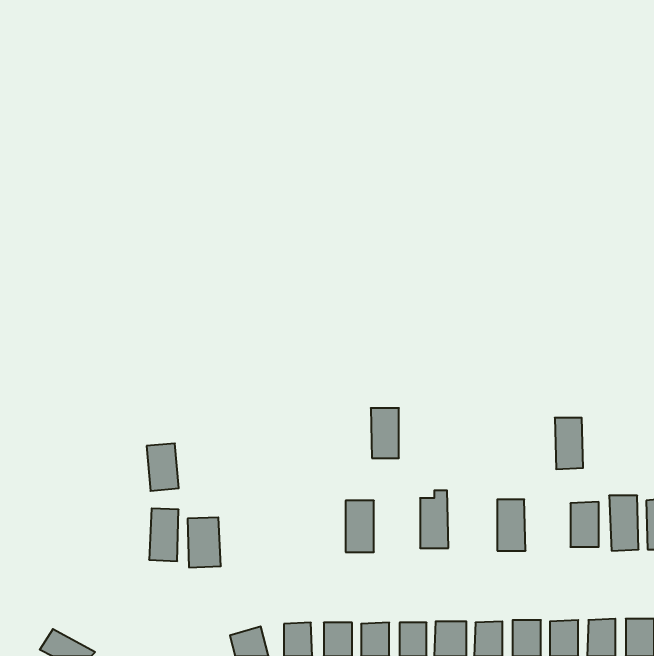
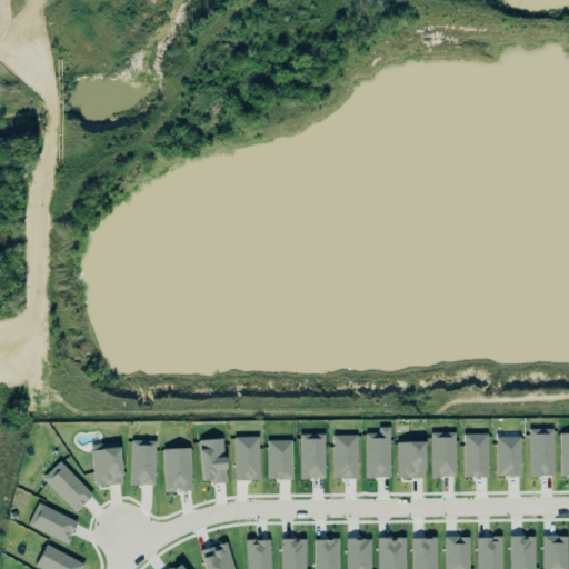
building: [371,408,399,458] -> [333,435,358,478]
building: [555,418,583,469] -> [465,433,489,478]
building: [147,443,179,491] -> [92,442,120,483]
building: none -> [236,437,260,480]
building: none -> [200,439,227,482]
building: none -> [268,440,293,479]
building: none -> [398,441,426,478]
building: none -> [41,457,93,508]
building: none -> [32,502,79,541]

